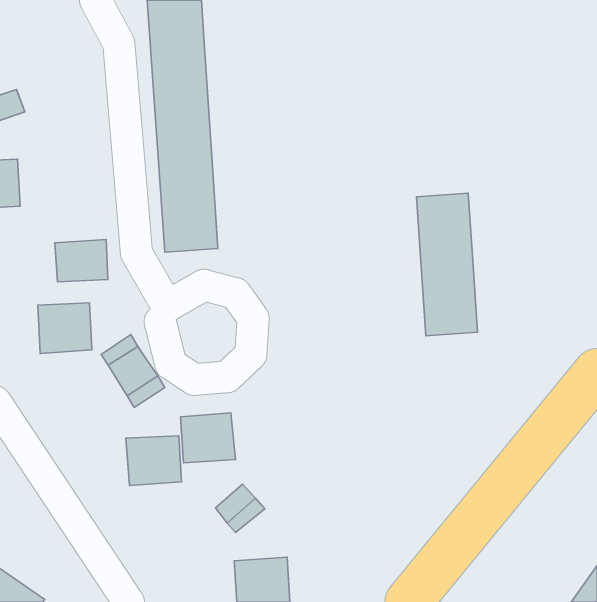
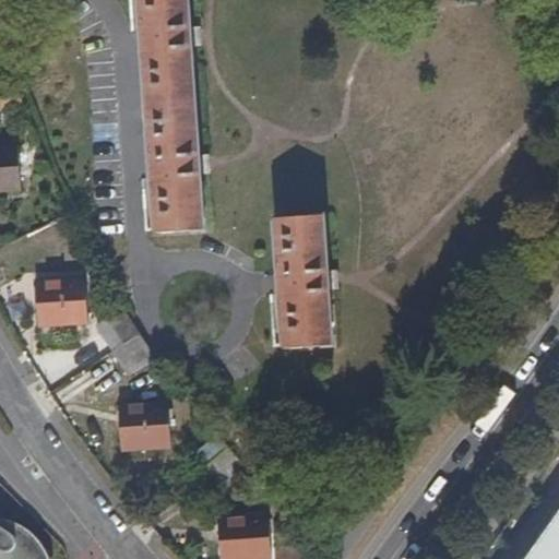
building: [416,193,478,336] -> [273,216,330,348]
building: [55,239,108,282] -> none
building: [180,413,236,463] -> none

